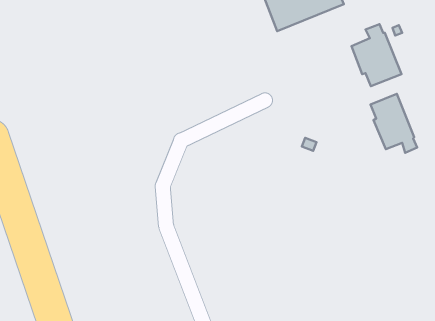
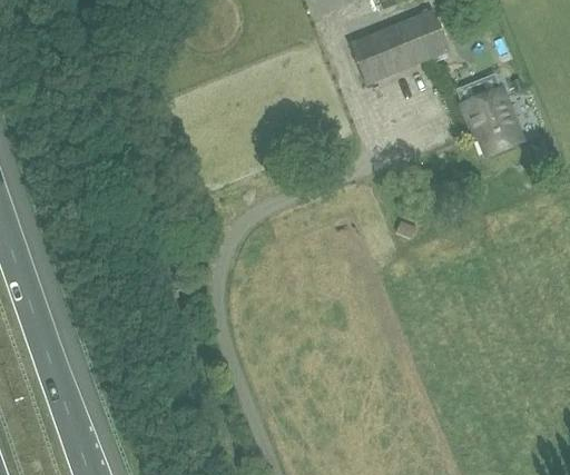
building: [370,94,417,153] -> none

